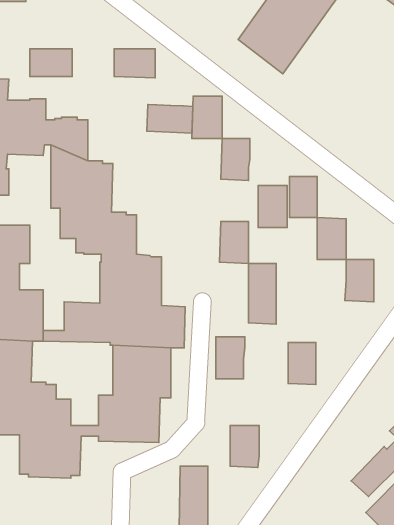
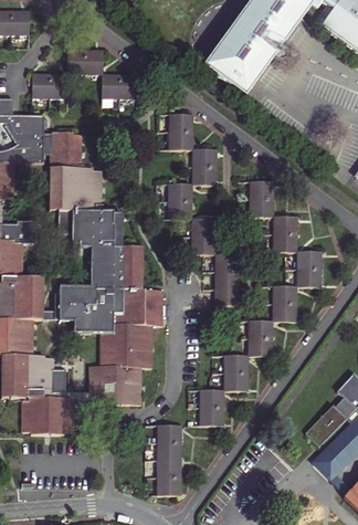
building: none -> [67,50,103,74]
building: [147,104,193,133] -> none
building: [258,185,287,228] -> [168,183,192,219]
building: none -> [272,285,296,321]
building: [216,337,245,379] -> [224,355,249,390]

